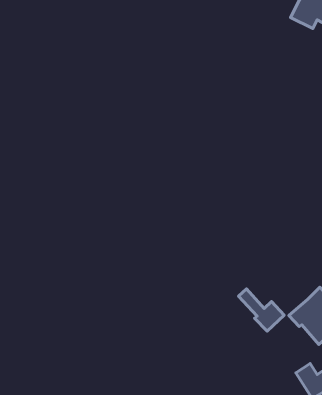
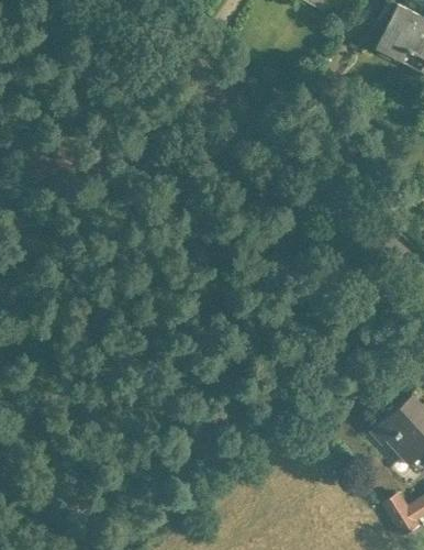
building: [238,289,284,331] -> none

